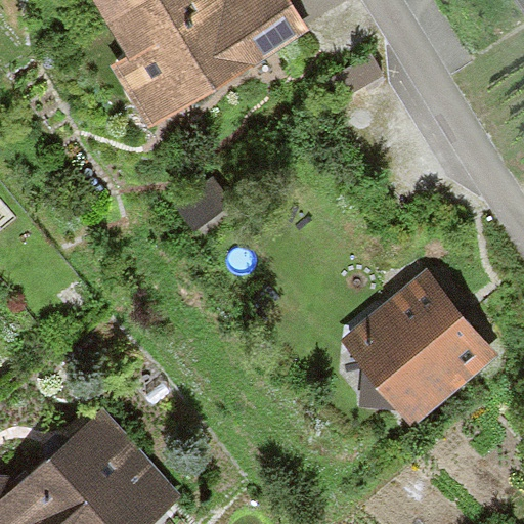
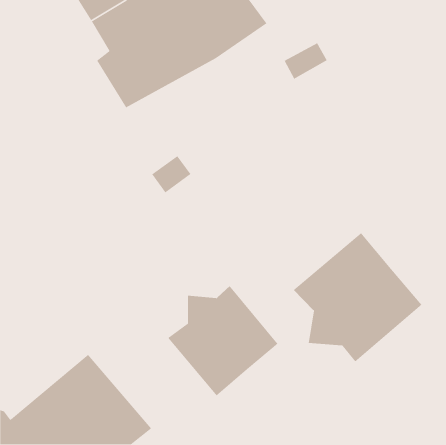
building: none -> [167,285,279,397]

